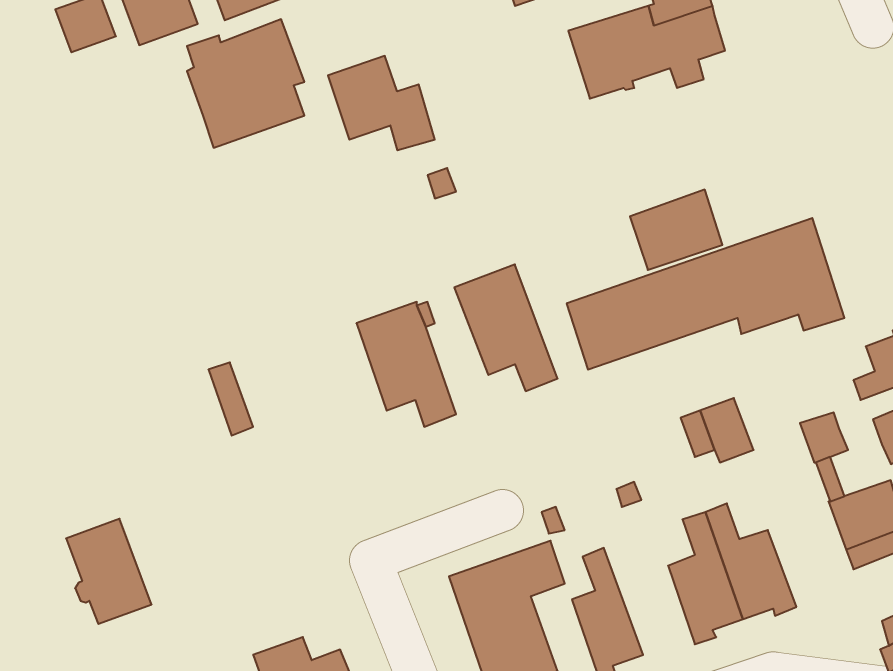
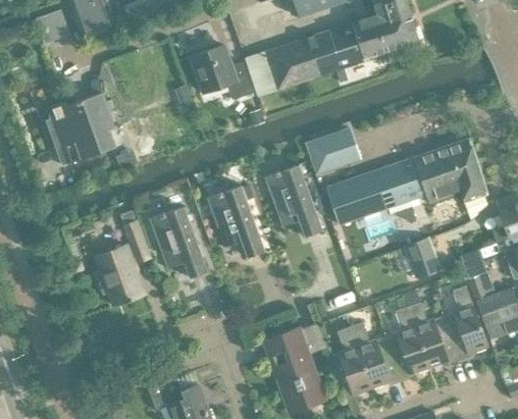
building: [187,19,304,148] -> [48,92,115,165]
building: none -> [246,31,342,96]
building: [630,190,722,270] -> [306,127,359,173]
building: none -> [152,208,208,277]
building: none -> [444,285,487,360]
building: [66,519,152,624] -> [96,245,145,305]
building: none -> [350,322,402,387]

